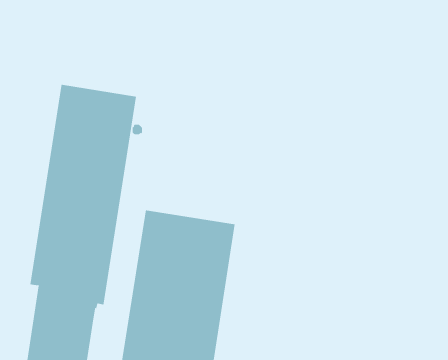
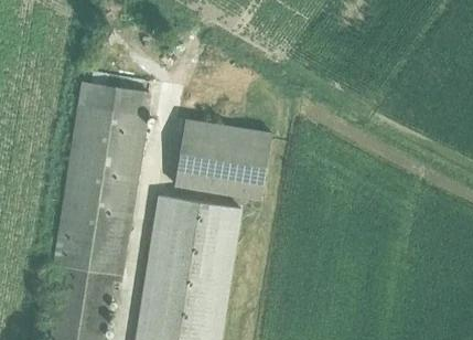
building: none -> [174,118,272,201]

